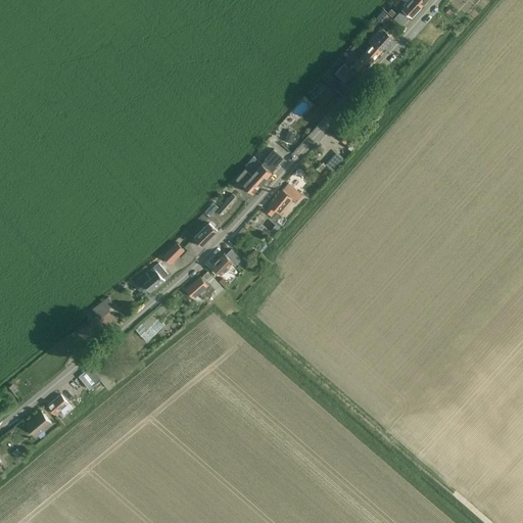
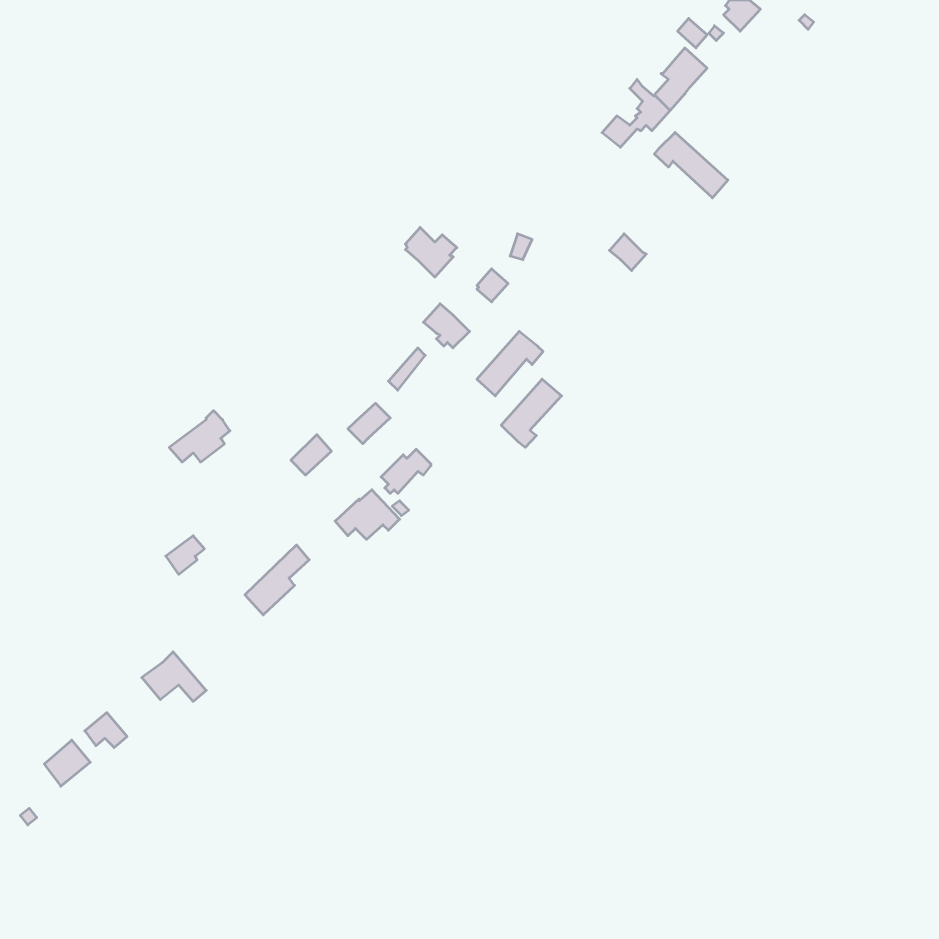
building: none -> [654,132,728,198]
building: [244,157,273,185] -> [405,227,457,277]
building: none -> [501,379,562,447]
building: [133,264,167,292] -> [169,411,230,462]

